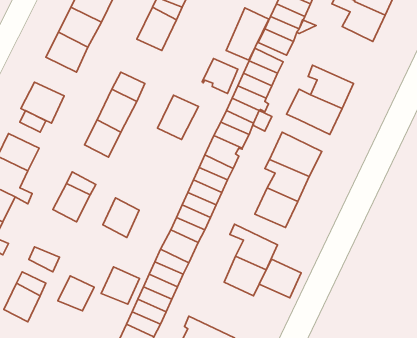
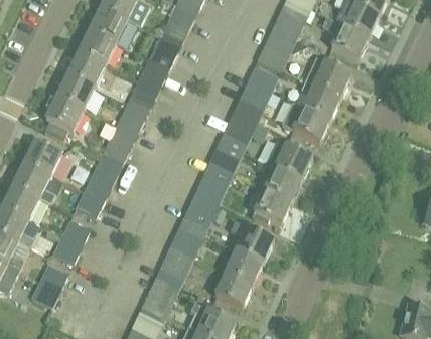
building: [226,8,269,60] -> none
building: none -> [304,57,350,97]
building: none -> [57,73,95,108]
building: [202,59,238,94] -> none
building: [158,95,198,139] -> [134,57,170,97]
building: [103,198,139,237] -> [91,151,123,186]
building: [259,259,301,298] -> [214,273,252,307]
building: [101,267,139,304] -> none
building: [58,276,94,311] -> [57,219,90,250]

